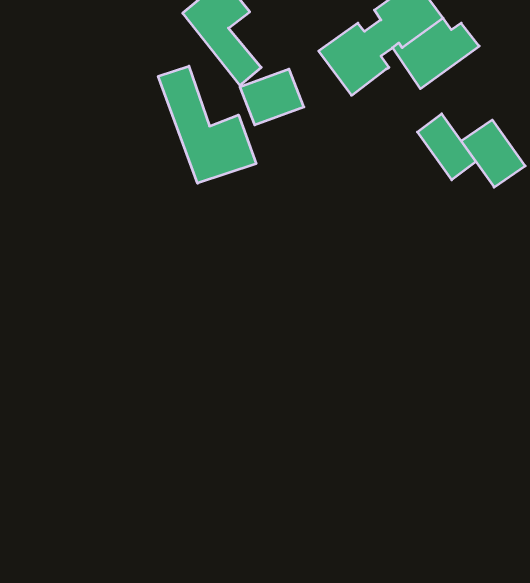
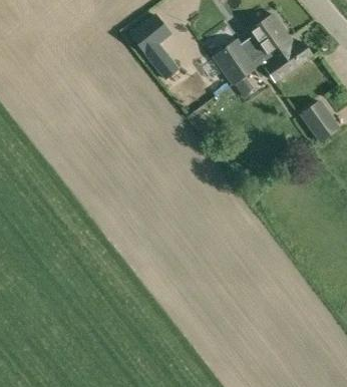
building: [158,66,256,183] -> none
building: [417,114,476,180] -> none

